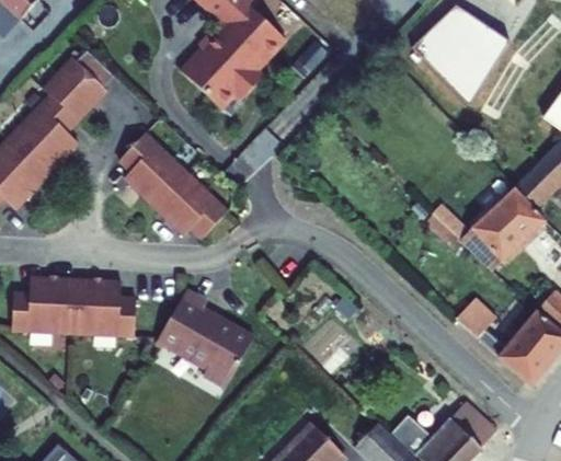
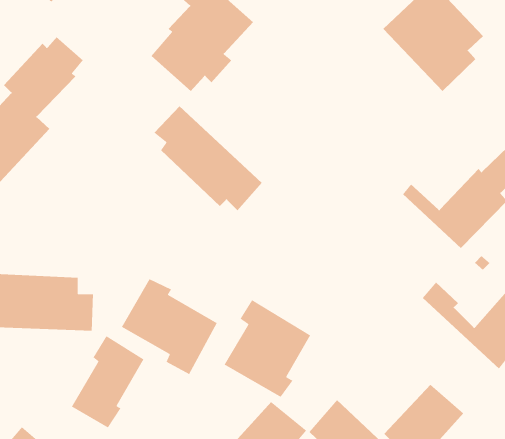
building: [121,134,230,240] -> [153,106,262,211]
building: none -> [224,299,311,398]
building: none -> [71,335,144,428]

